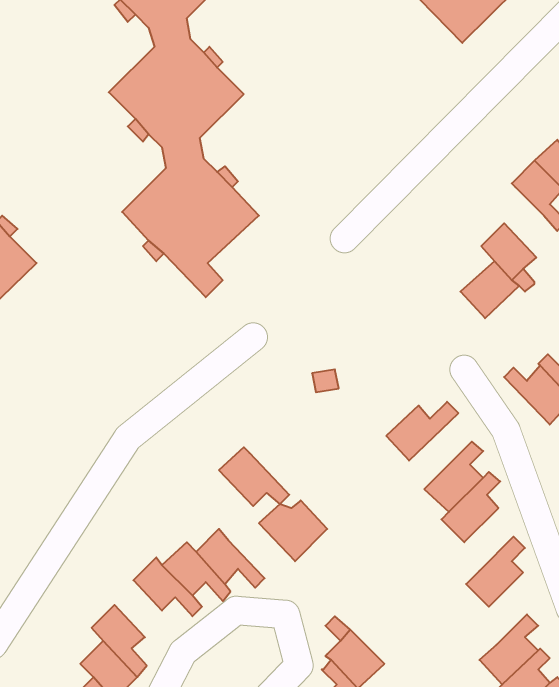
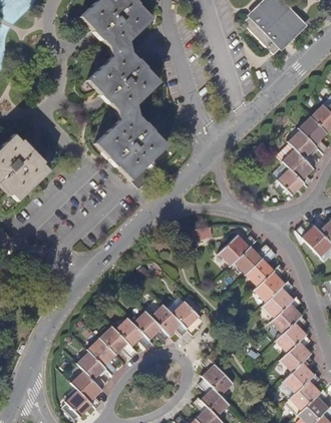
building: none -> [289,130,318,167]
building: none -> [219,235,256,266]
building: none -> [246,250,277,286]
building: [219,447,289,506] -> [150,305,188,336]
building: none -> [271,297,302,333]
building: none -> [280,334,311,372]
building: none -> [88,338,118,375]

